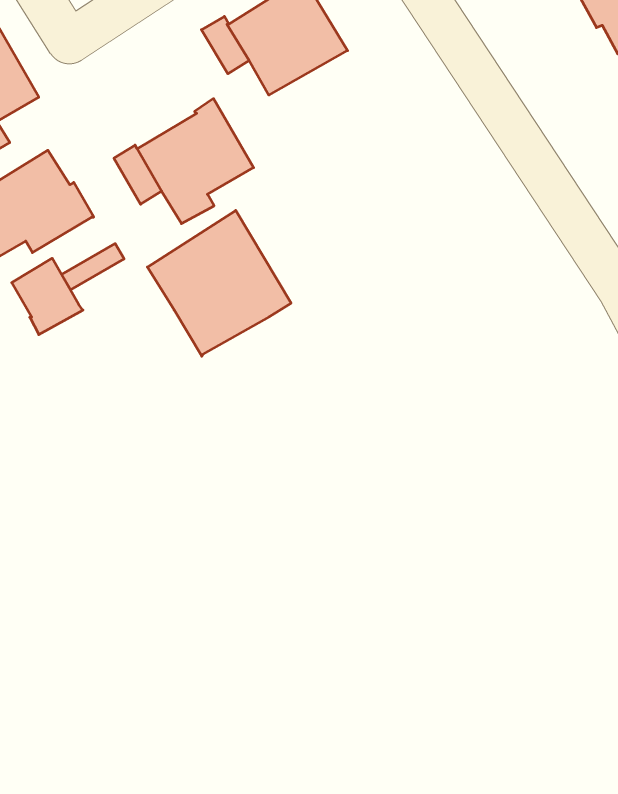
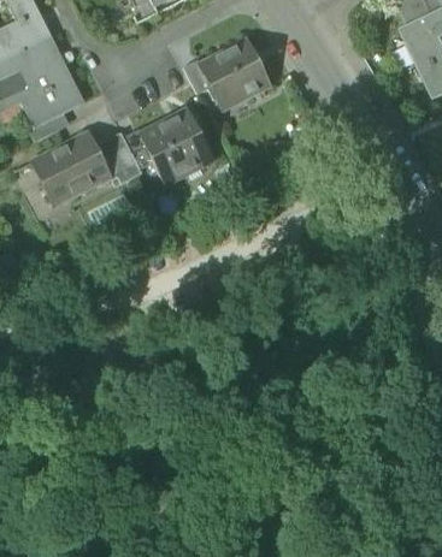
building: [147,210,291,356] -> none
building: [12,258,83,335] -> [100,141,142,186]

